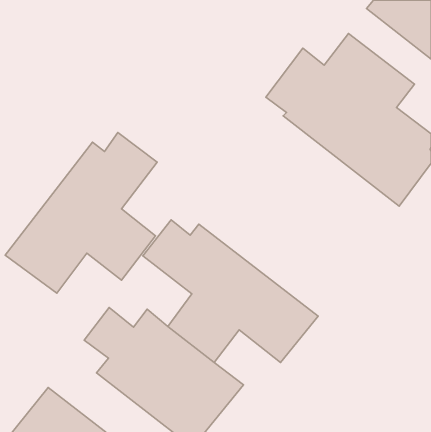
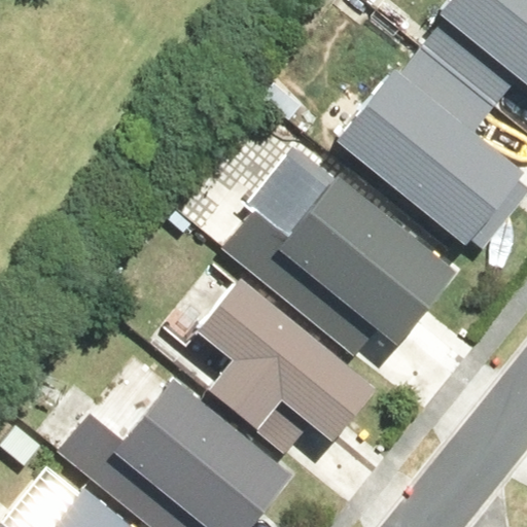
building: none -> [253,162,462,351]
building: [5,133,157,293] -> none

